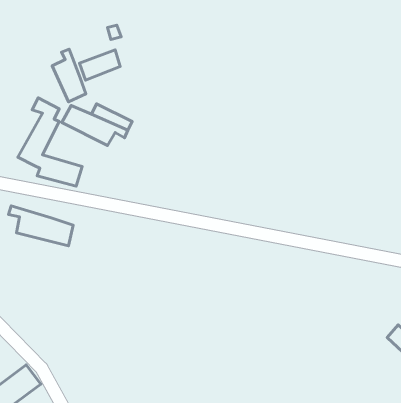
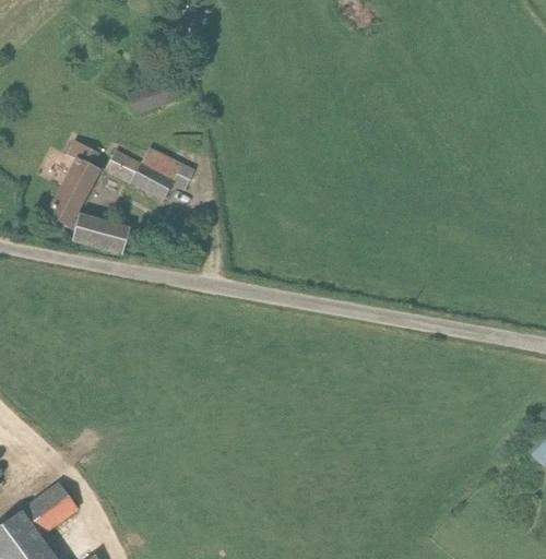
building: [52,49,86,102] -> none
building: [9,206,73,246] -> none

